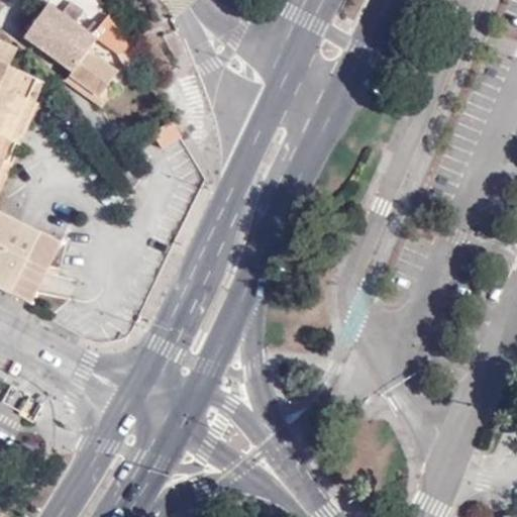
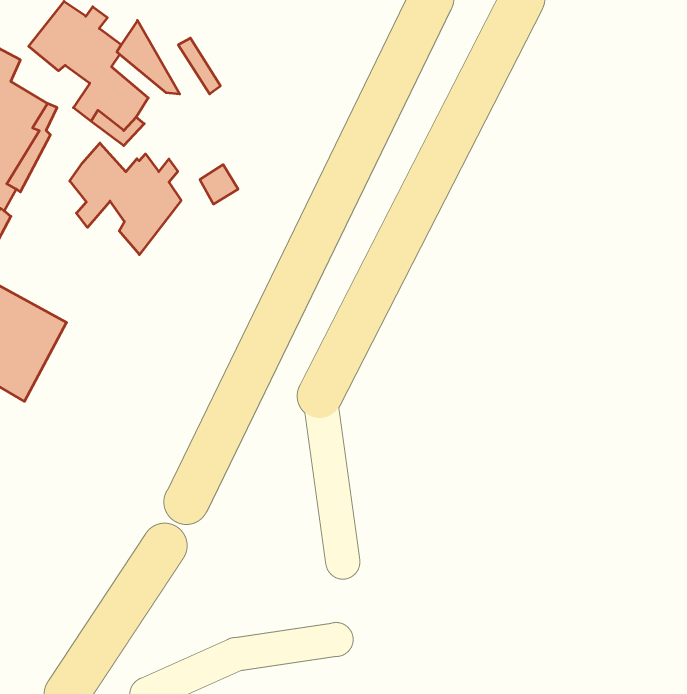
building: none -> [70,143,181,255]

